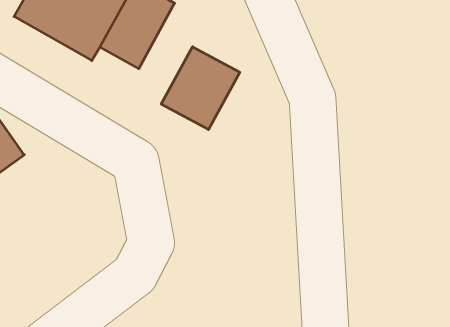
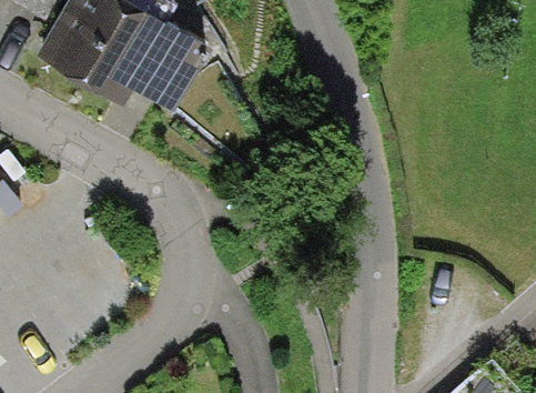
building: [161,47,240,130] -> none

